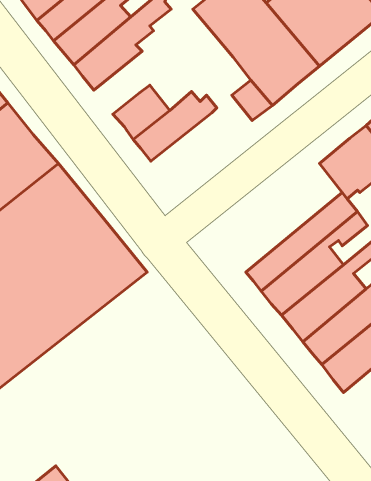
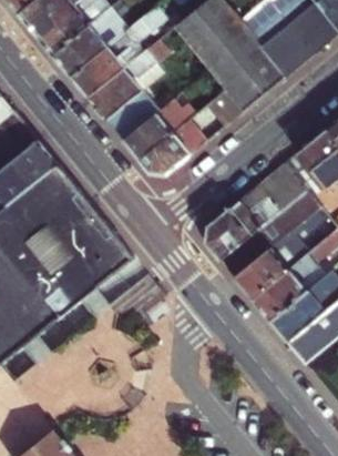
building: none -> [89,39,170,119]
building: none -> [139,118,208,174]
building: none -> [207,162,306,257]

